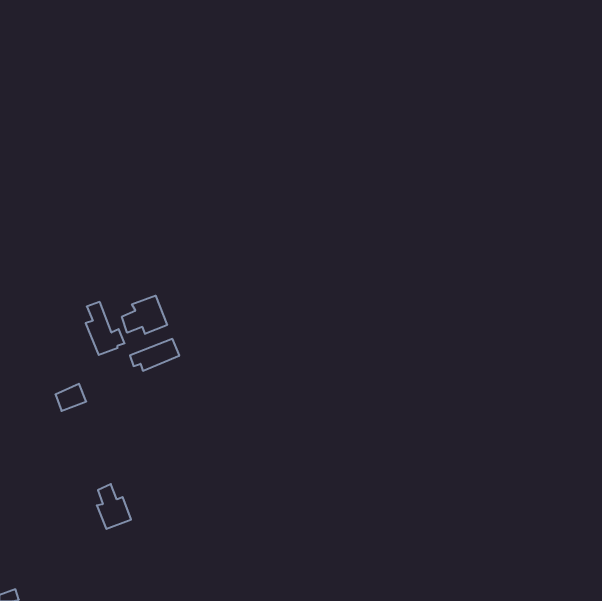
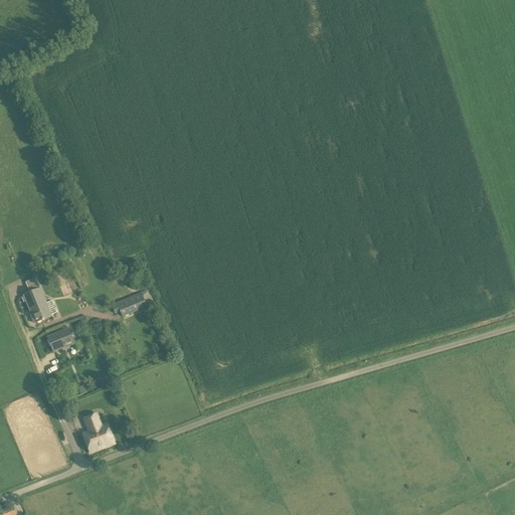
building: [122,296,167,334] -> none
building: [86,302,125,355] -> [23,276,56,321]

